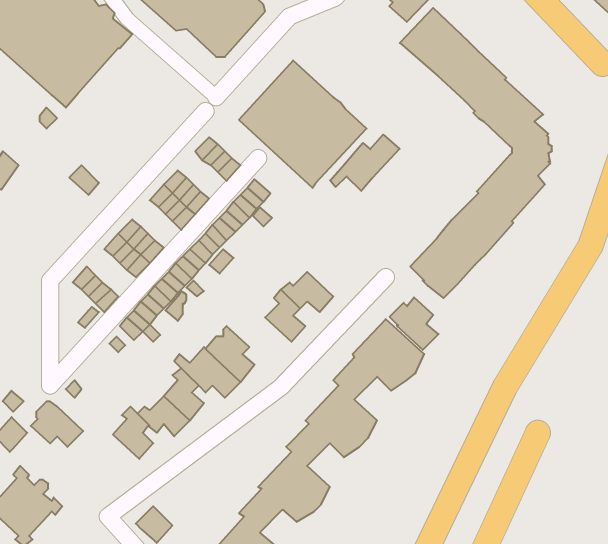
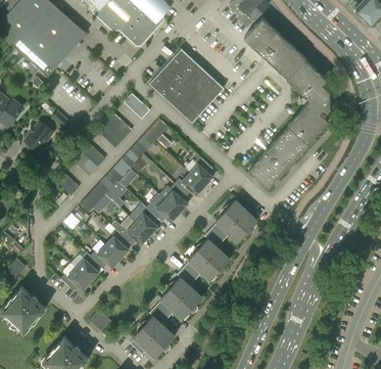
building: [330,135,400,191] -> none
building: none -> [26,122,54,153]
building: [390,297,439,350] -> [186,156,215,187]
building: none -> [145,199,181,223]
building: [31,401,83,447] -> [61,265,92,291]

